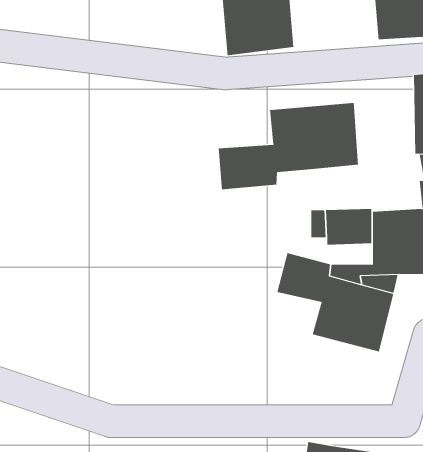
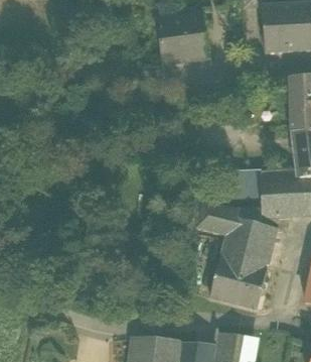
building: [218,102,359,190] -> none
building: none -> [210,255,267,308]

